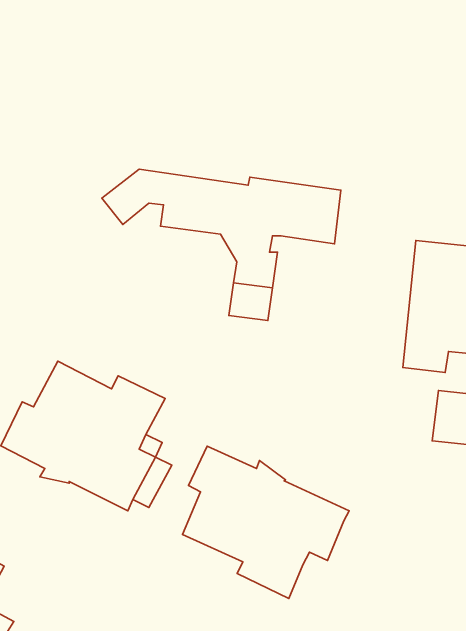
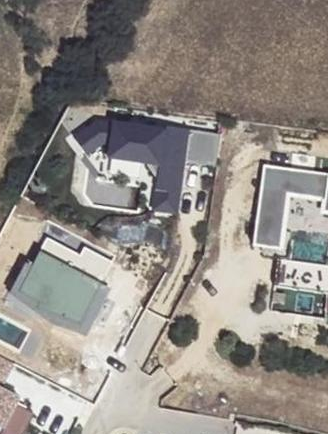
building: [183,446,349,598] -> none

